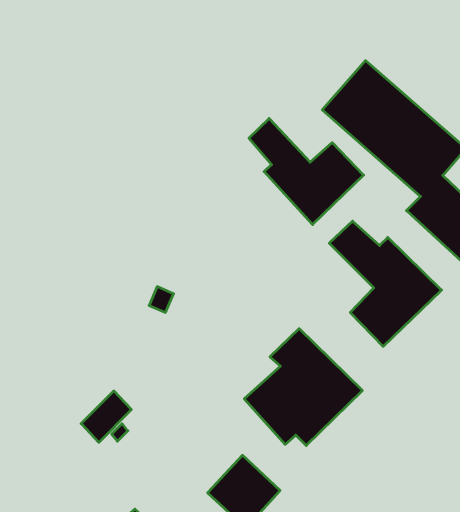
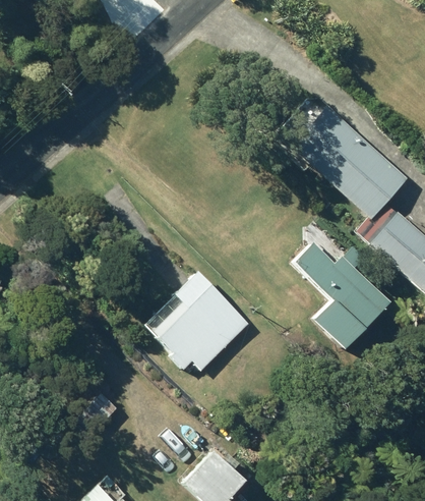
building: [249,118,364,225] -> none
building: [244,329,362,446] -> [148,271,251,373]

